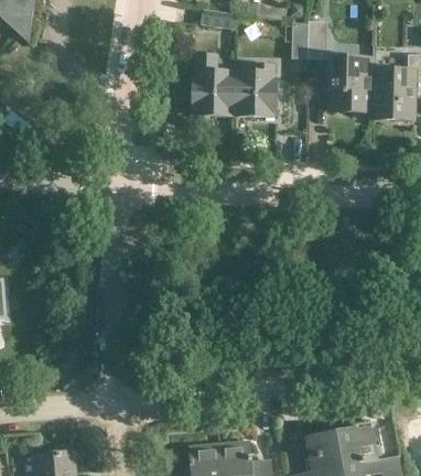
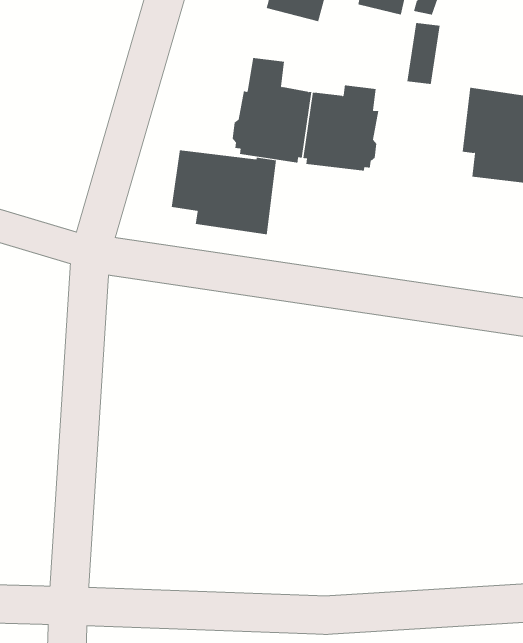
building: [307,21,327,58] -> none
building: none -> [171,149,276,235]

